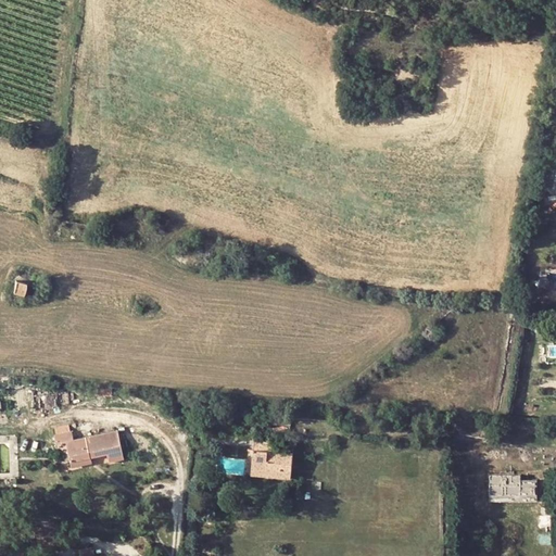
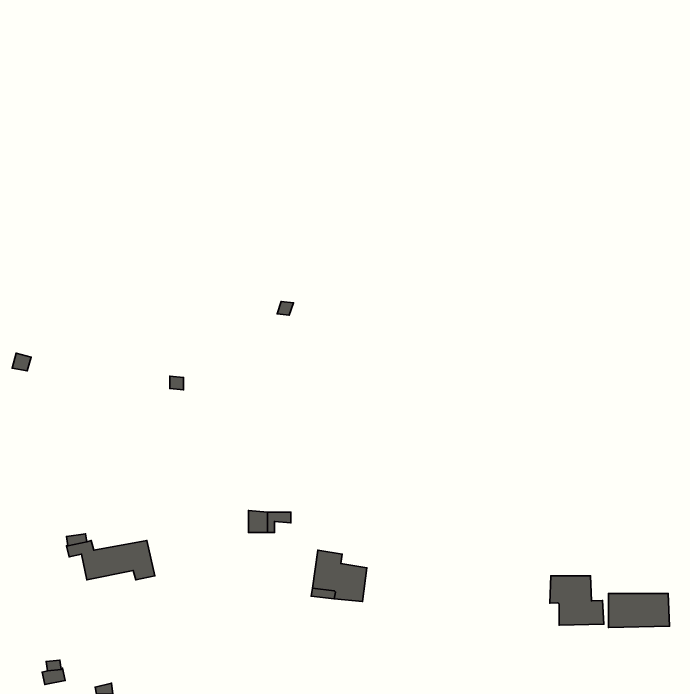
building: none -> [550,576,604,625]

